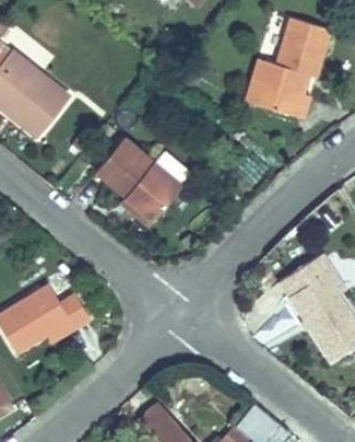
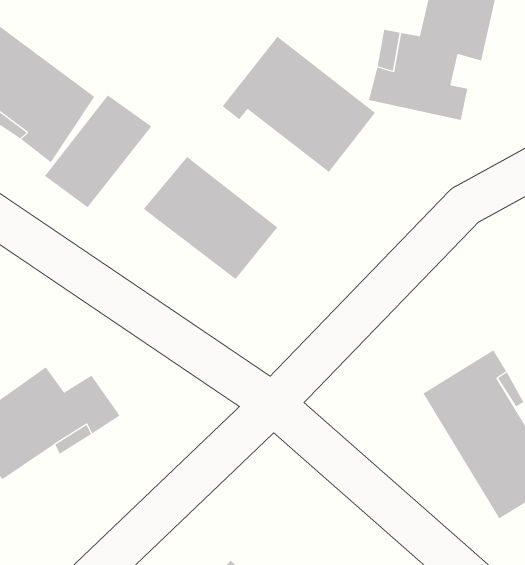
building: none -> [222,36,376,173]
building: none -> [44,94,152,208]

